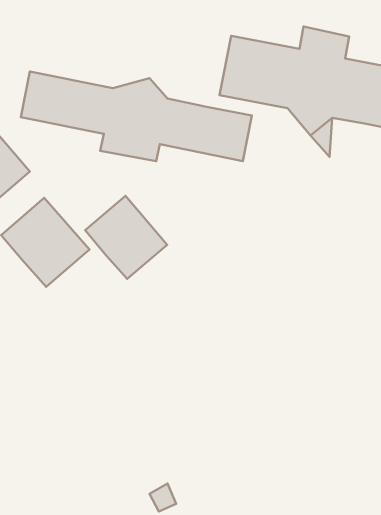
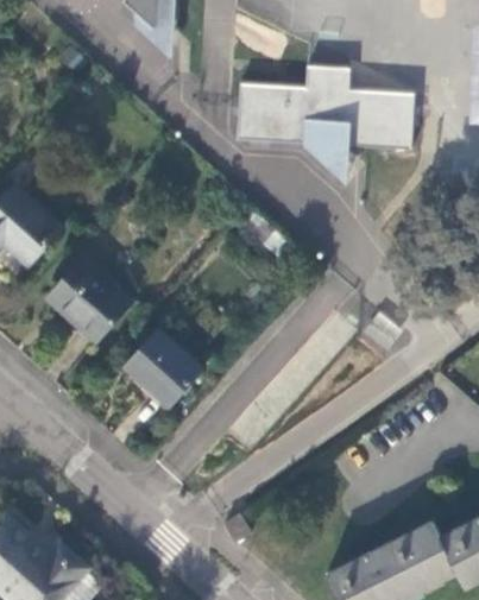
building: [21,72,252,161] -> none
building: [85,196,167,279] -> [126,329,204,406]

